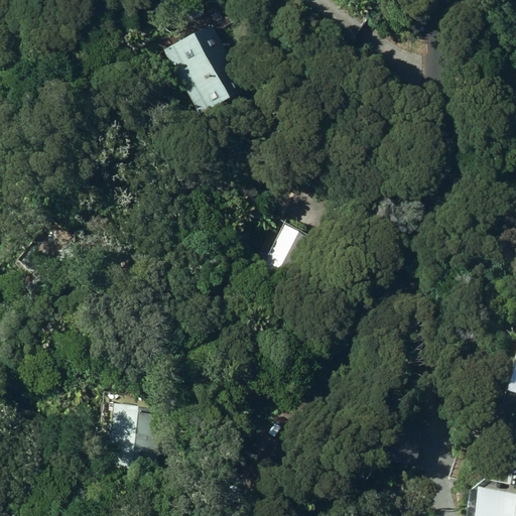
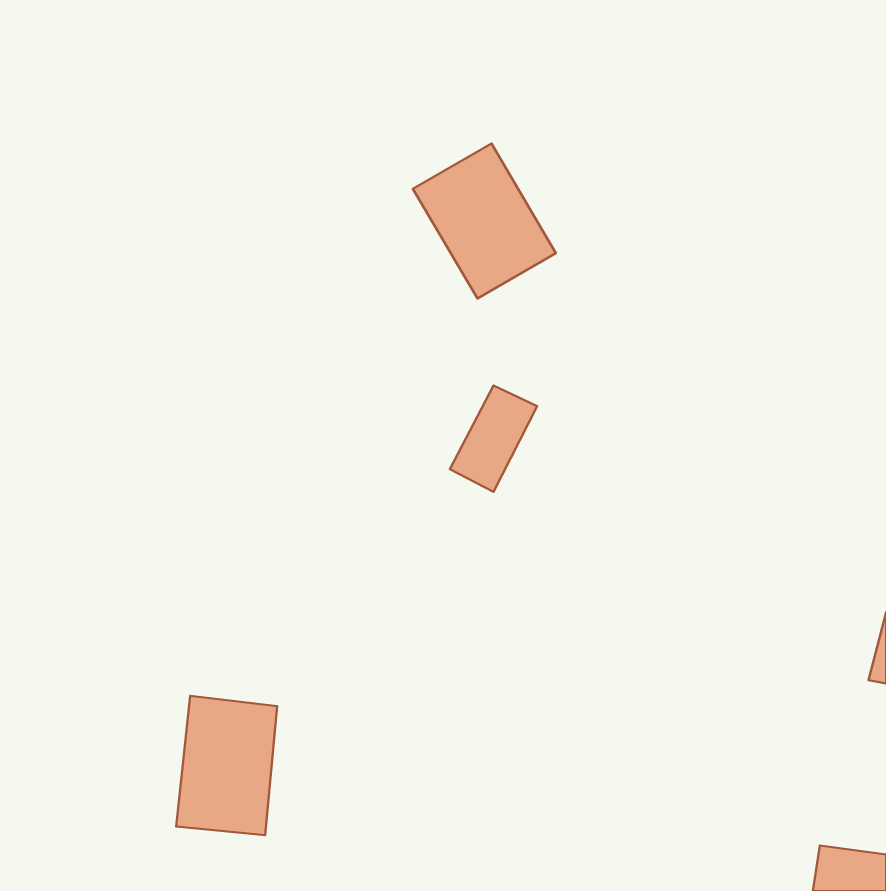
building: [164,22,247,112] -> [413,143,556,299]

